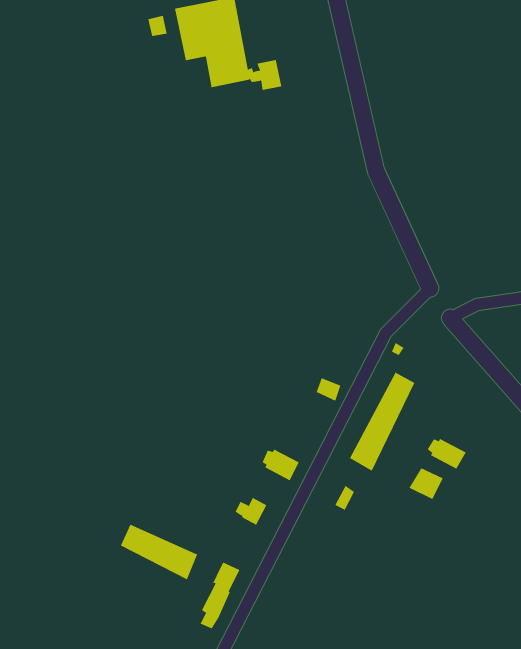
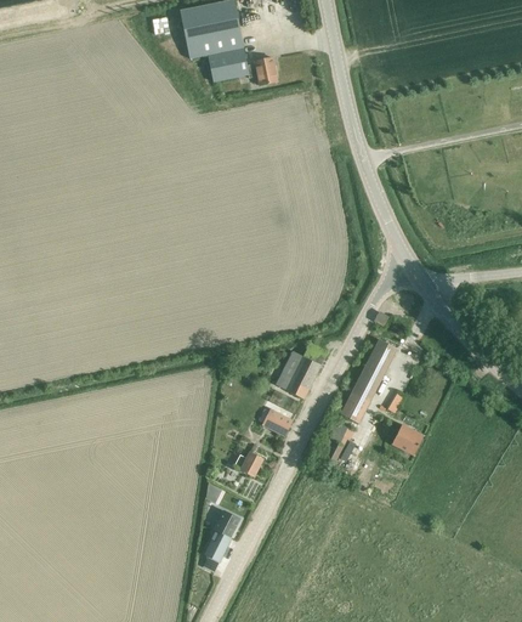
building: none -> [274,350,319,397]
building: [427,438,466,470] -> none
building: [120,524,198,580] -> none

